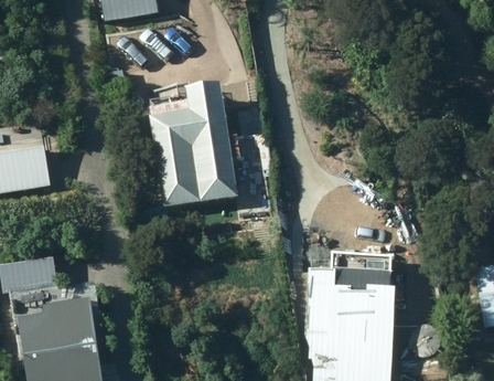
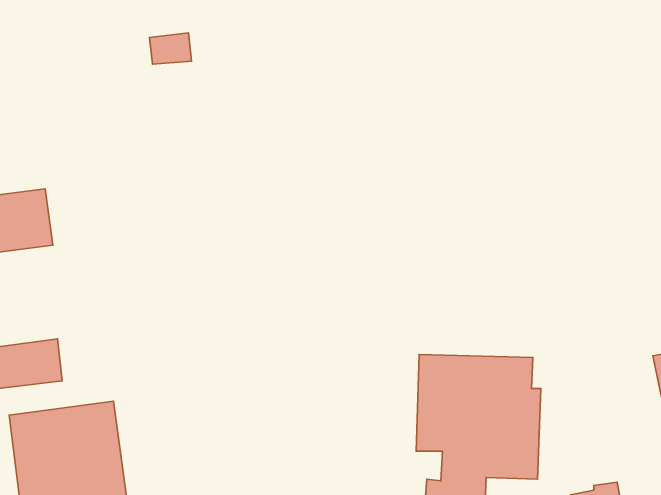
building: [147,80,240,207] -> none

